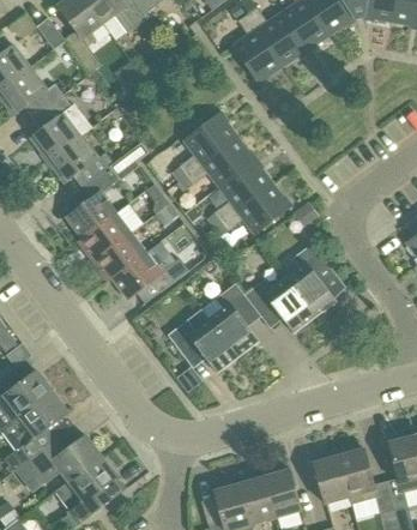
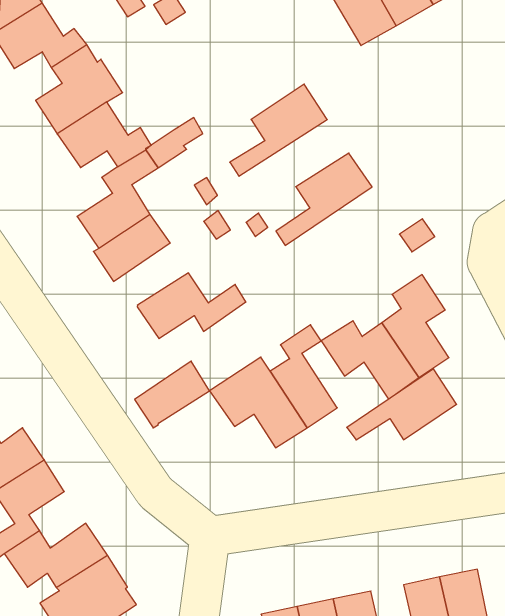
building: [177,137,254,191] -> none
building: [213,182,290,236] -> [347,369,457,440]
building: [93,231,146,281] -> [135,361,210,428]

